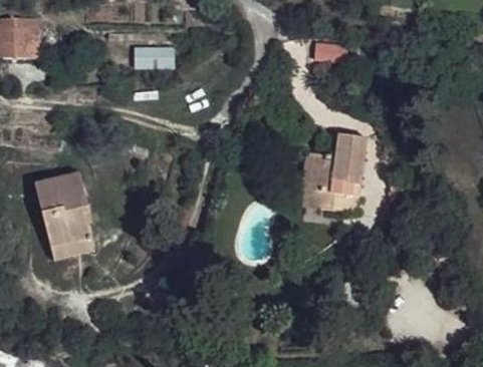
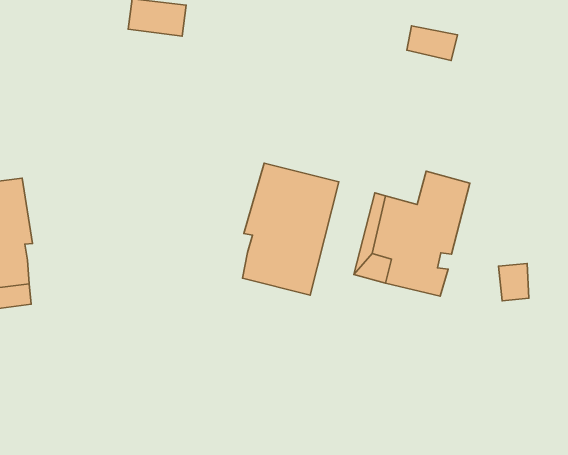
building: none -> [242,163,339,295]

